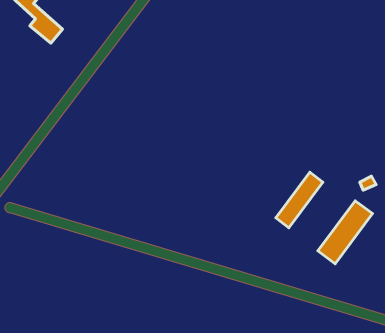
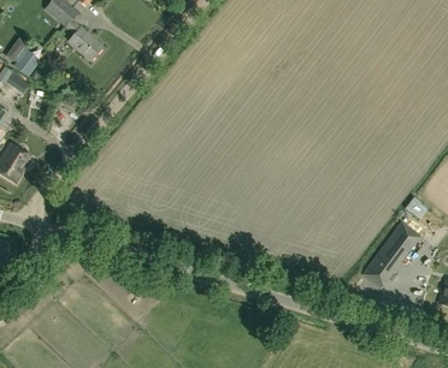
building: [276,172,323,228] -> none

